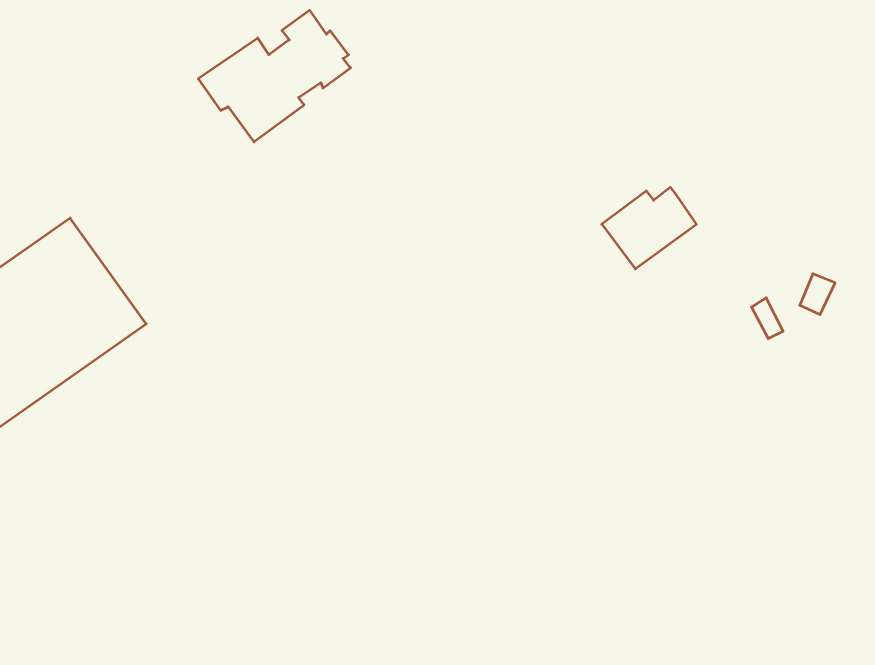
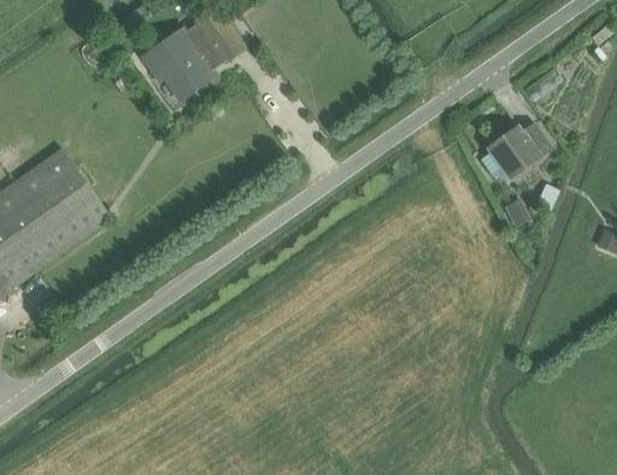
building: [602,187,696,269] -> [488,124,550,177]

